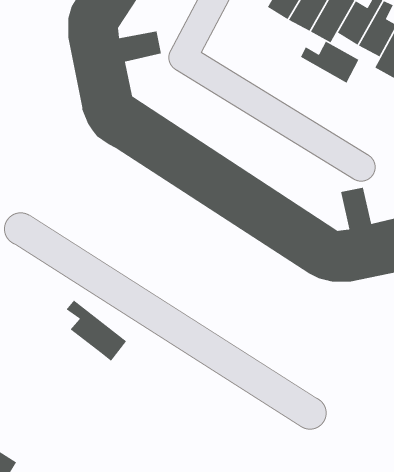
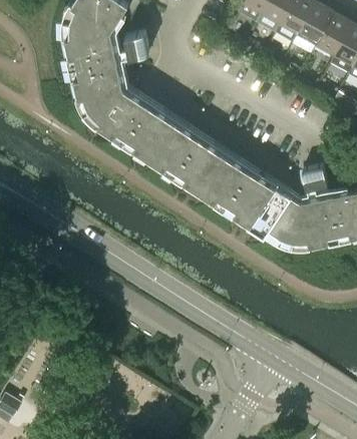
building: [300,40,359,84] -> none
building: [66,299,127,362] -> none

